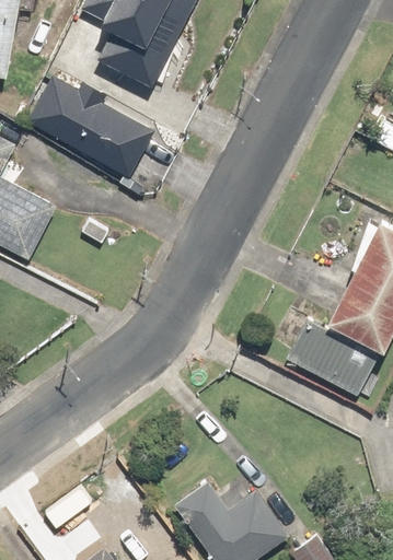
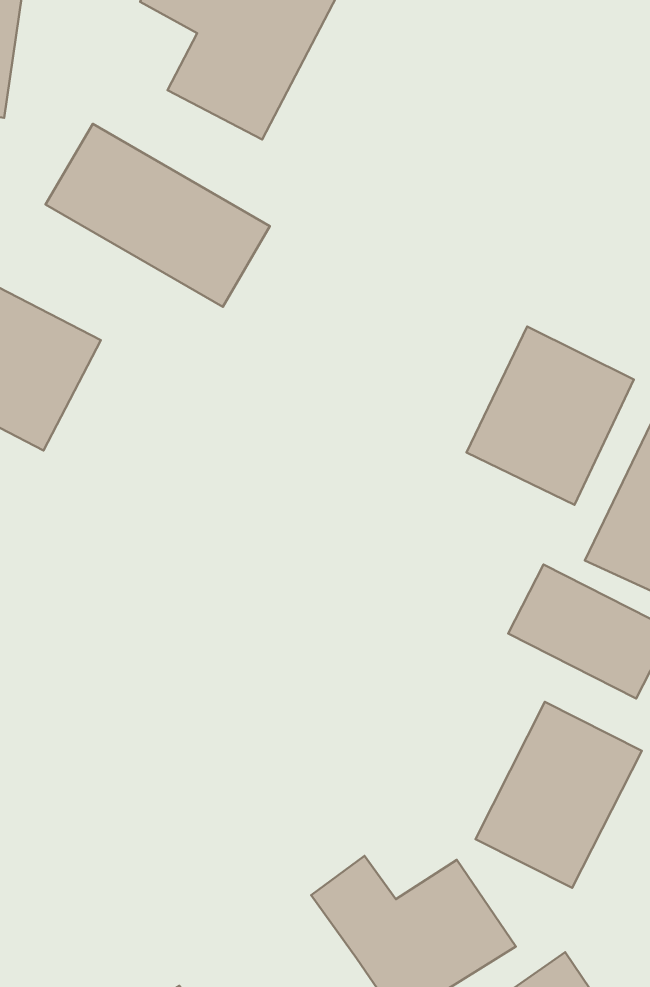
building: none -> [466,326,634,505]
building: none -> [475,702,642,888]

